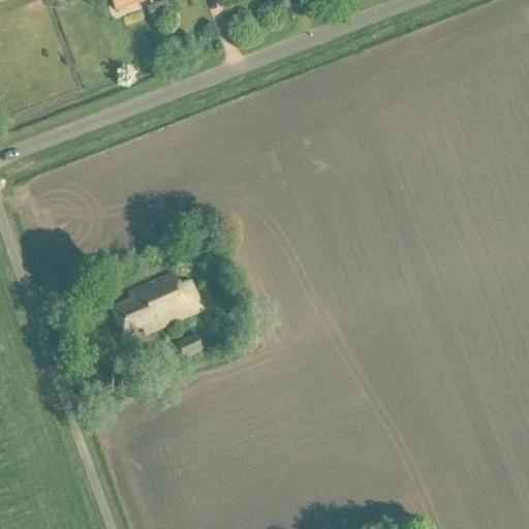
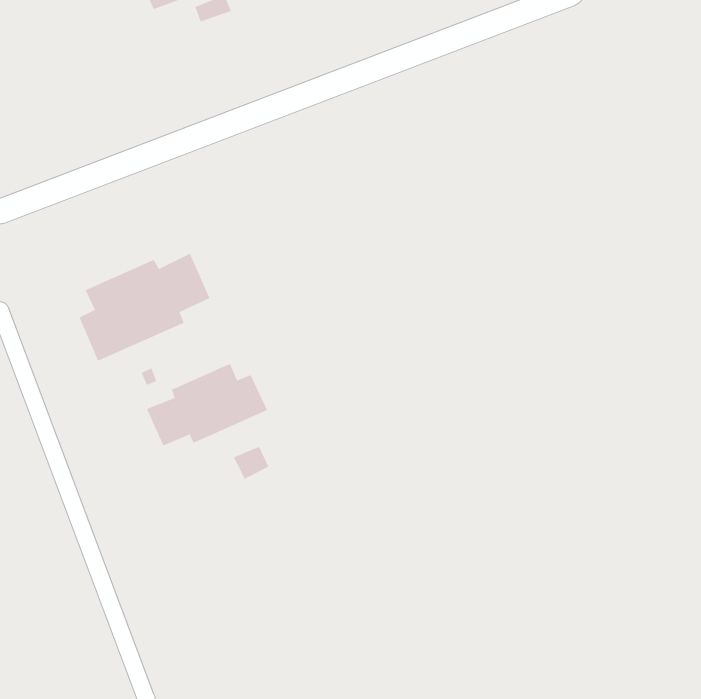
building: none -> [79,253,210,362]

